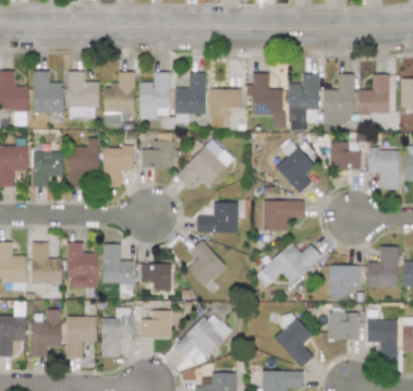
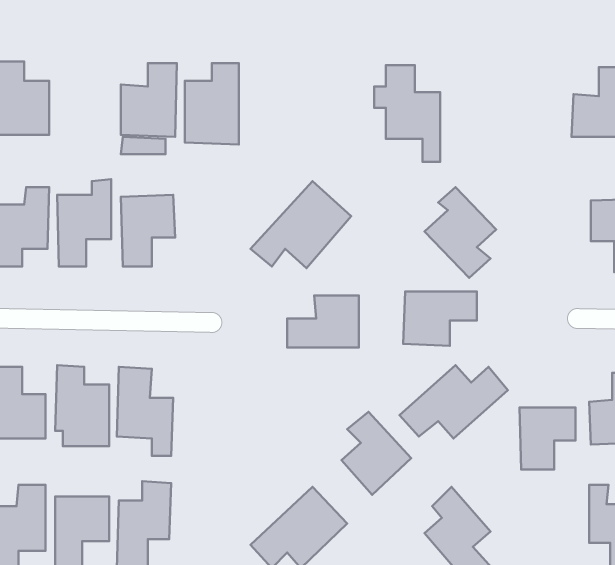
building: [69,72,99,117] -> none
building: [174,72,205,122] -> none
building: [288,73,318,131] -> none
building: [324,74,354,125] -> none
building: [209,88,241,127] -> none
building: [142,140,172,168] -> none
building: [330,142,360,169] -> none
building: [186,240,226,286] -> [341,412,411,495]
building: [141,264,171,291] -> none
building: [141,310,171,338] -> none
building: [328,311,359,340] -> none

